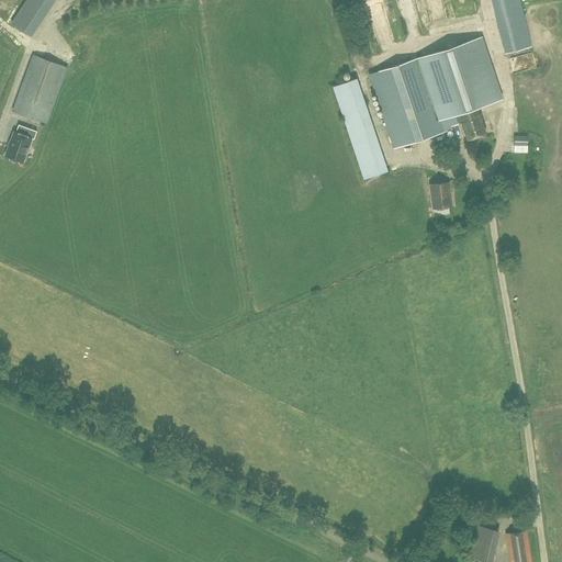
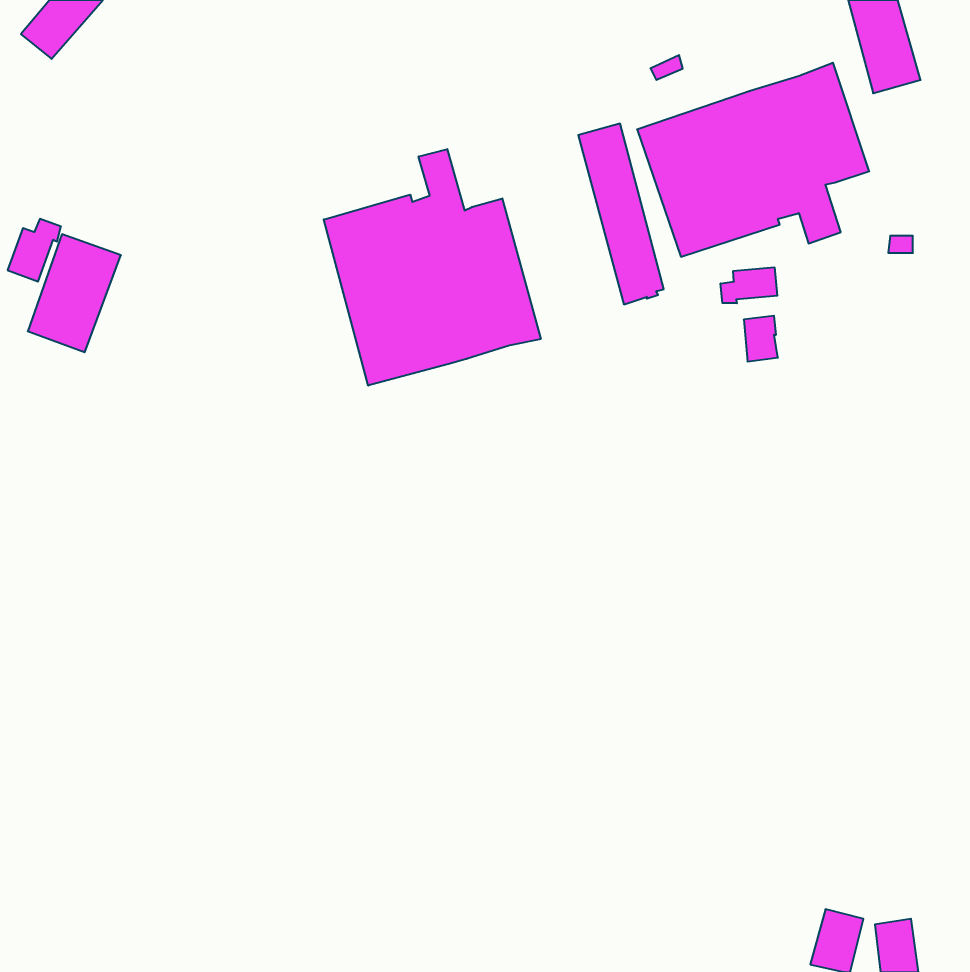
building: [12,55,66,123] -> [28,234,121,352]
building: none -> [324,149,541,386]
building: none -> [721,267,777,303]

